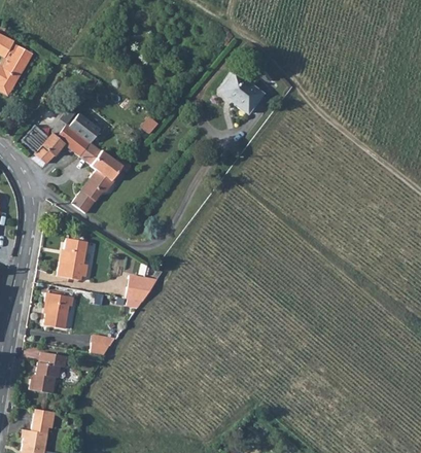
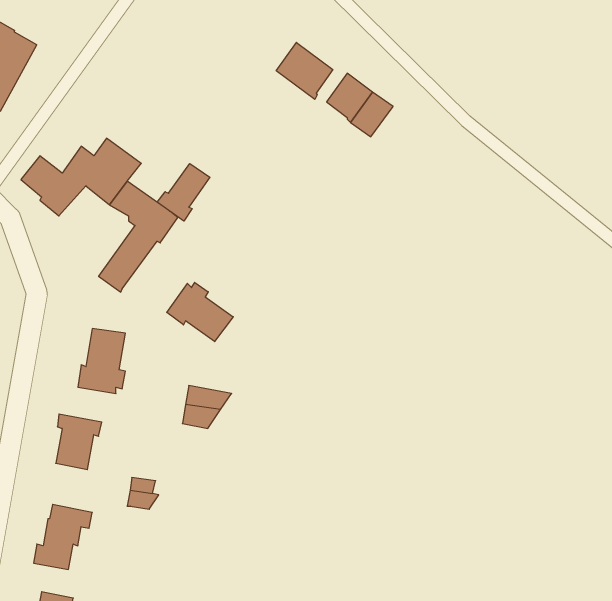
building: none -> [276,42,333,99]
building: none -> [157,164,210,221]
building: none -> [167,282,233,342]

